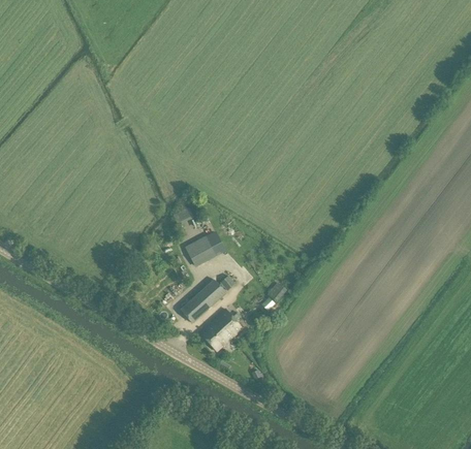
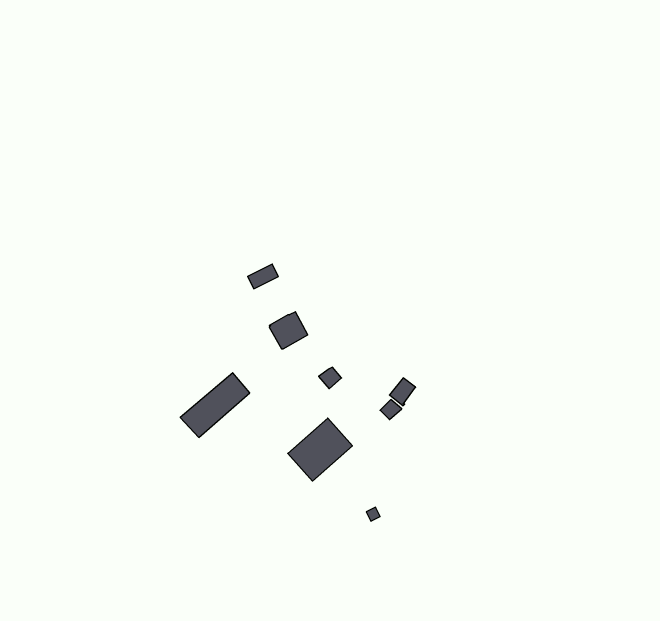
building: [182,280,228,323] -> [180,373,250,437]

